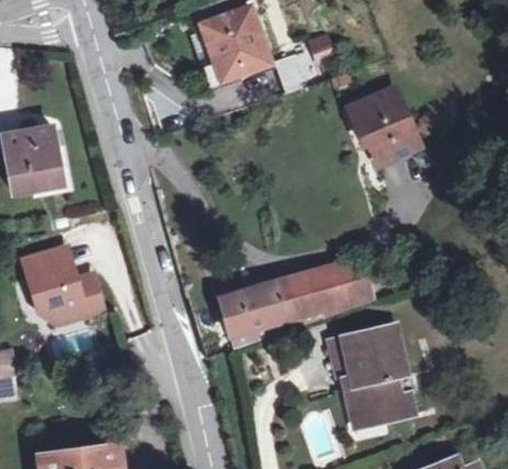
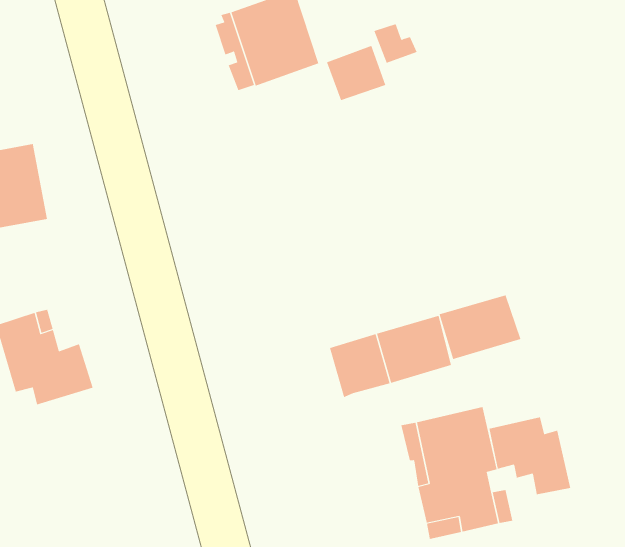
building: [352,89,417,160] -> none
building: none -> [439,294,521,360]
building: [222,280,290,346] -> none
building: none -> [489,416,571,495]

